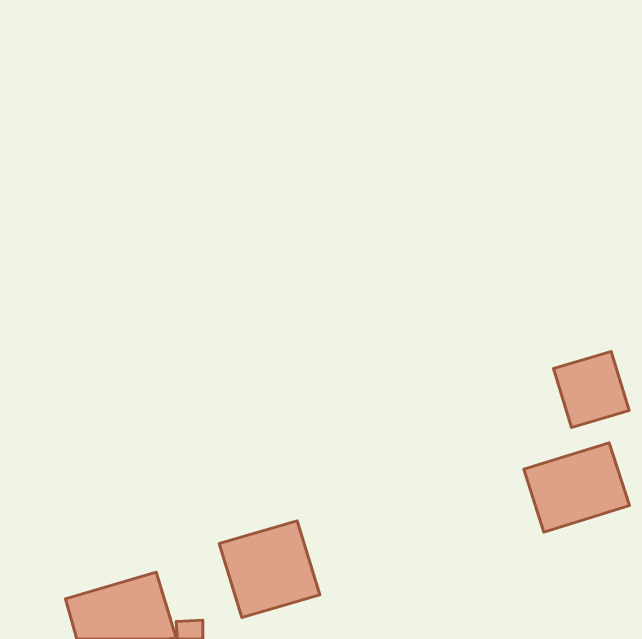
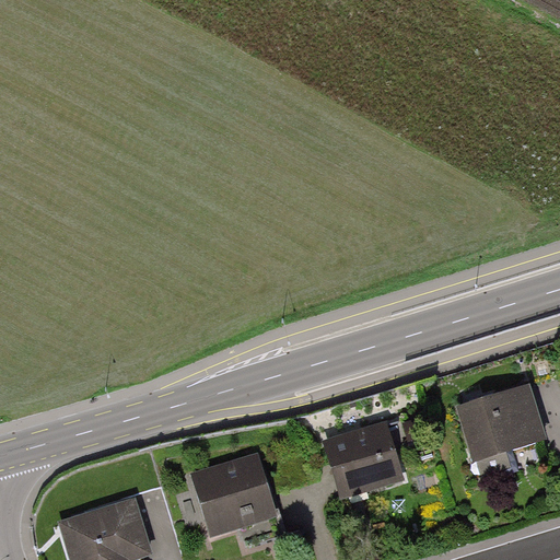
building: [553,352,629,427] -> none
building: none -> [322,421,405,500]

